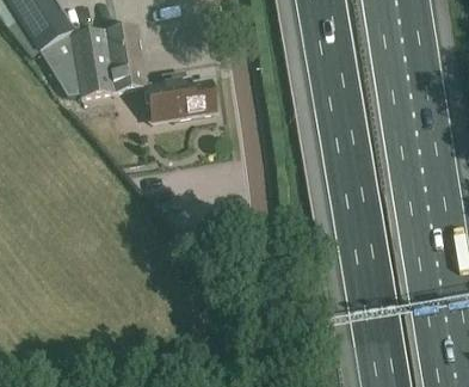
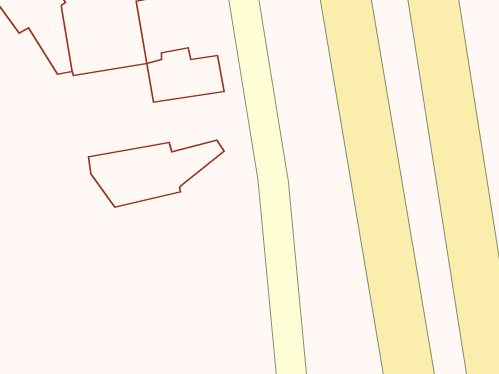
building: none -> [89,140,224,207]

